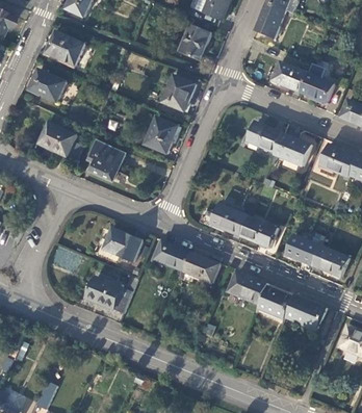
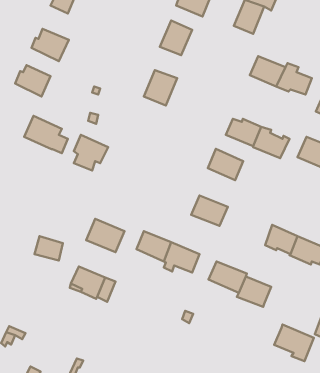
building: [145,115,178,153] -> none
building: [239,215,276,248] -> [208,149,243,180]
building: [285,294,326,332] -> [274,325,314,361]

